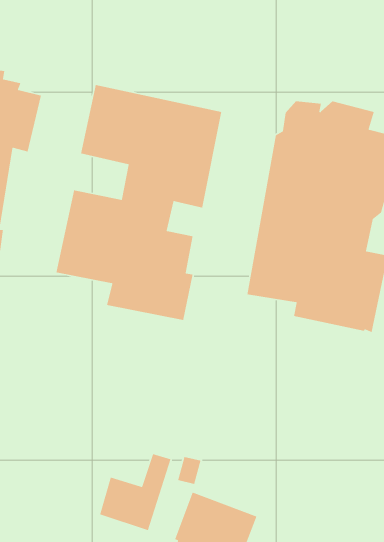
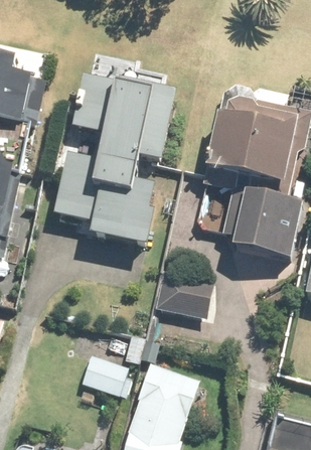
building: none -> [155,270,207,315]

